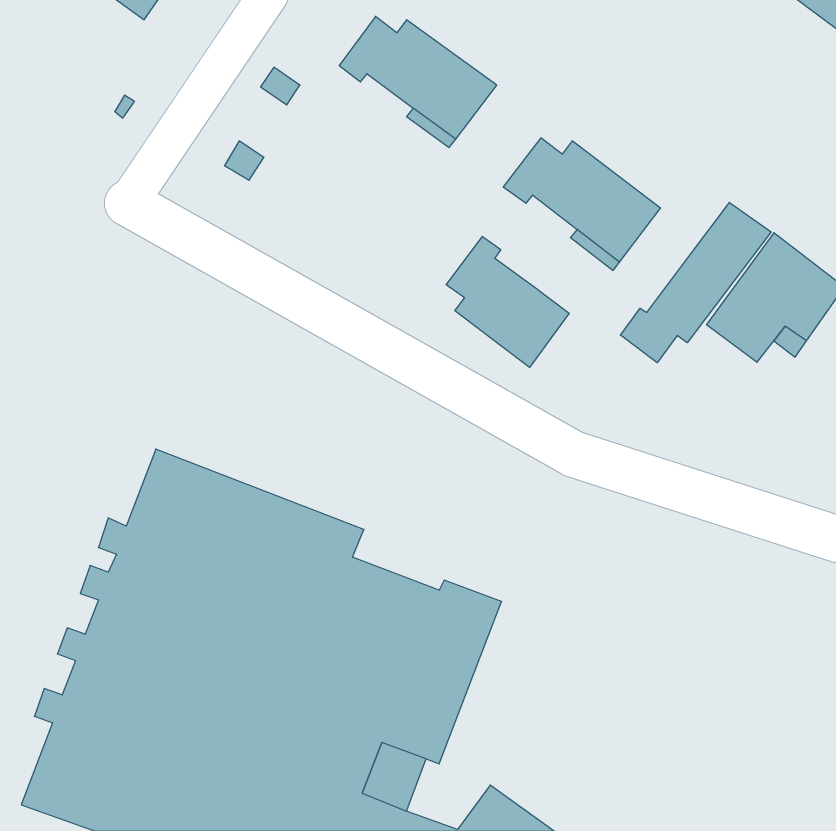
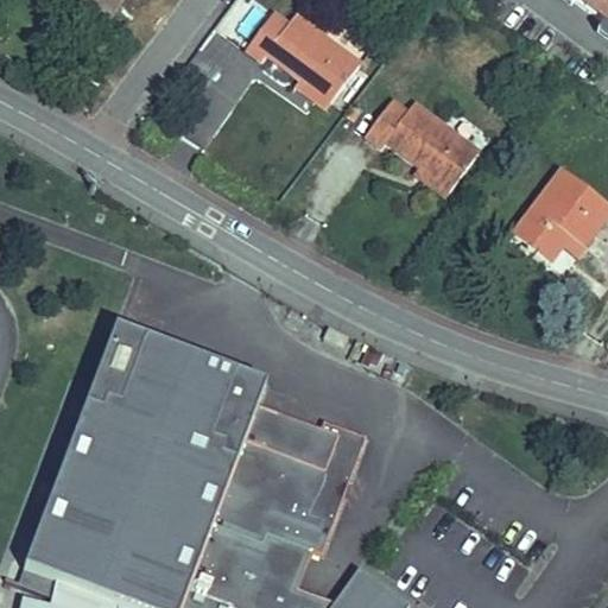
building: [620,202,771,363] -> none
building: [446,236,569,367] -> none

